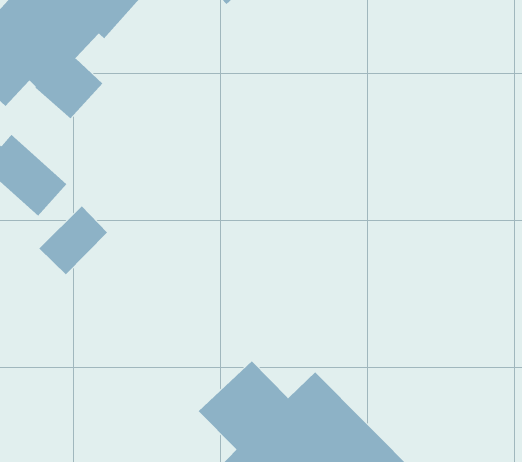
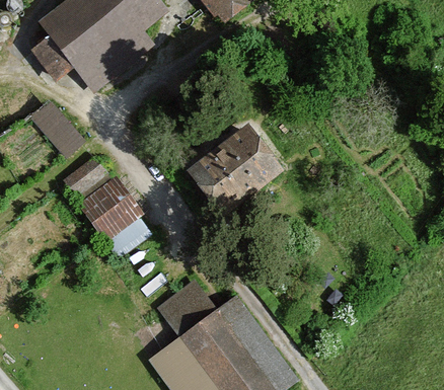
building: none -> [190,120,293,218]
building: none -> [77,176,155,259]

